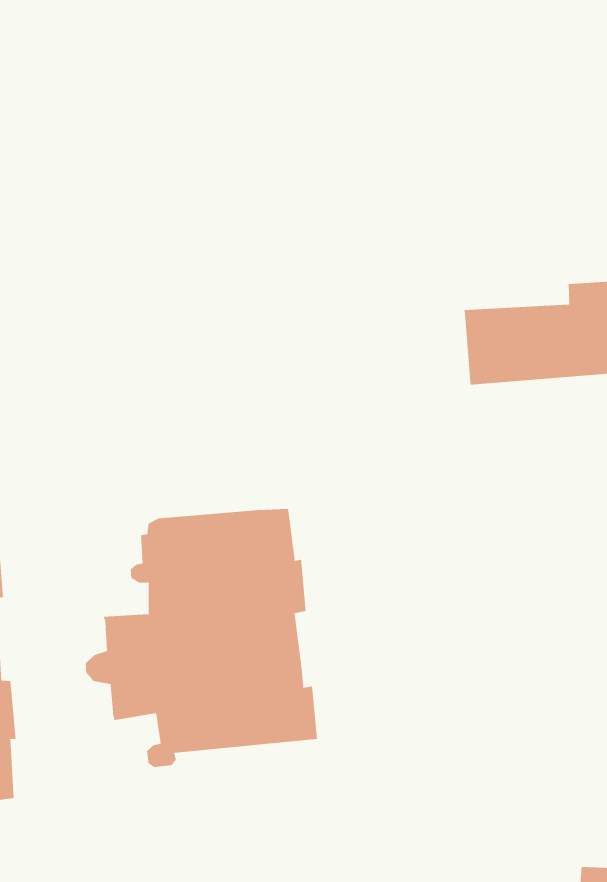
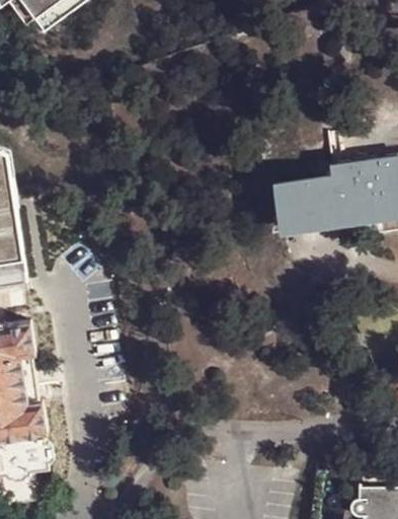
building: [85,508,317,768] -> none

